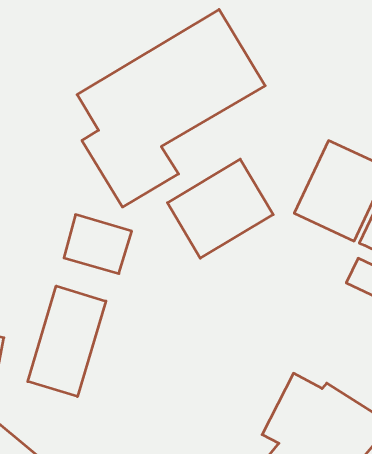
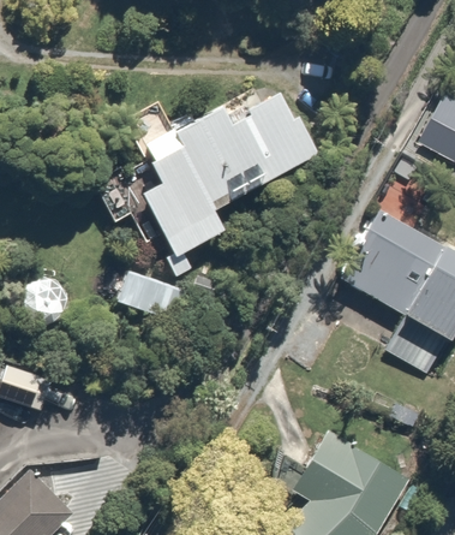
building: [167,159,273,258] -> none
building: [28,286,106,397] -> none

